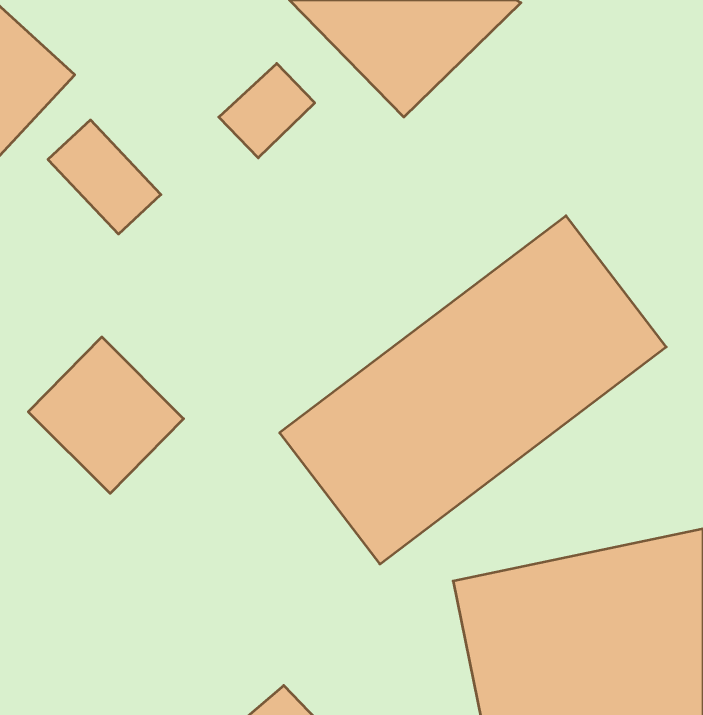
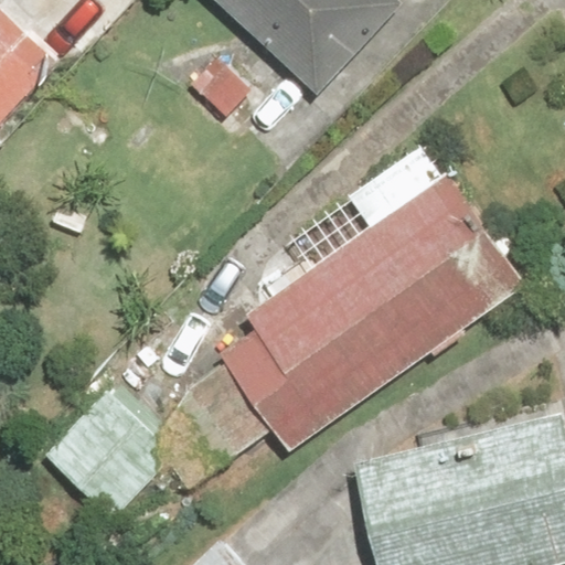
building: [28,337,184,493] -> [47,393,169,515]

